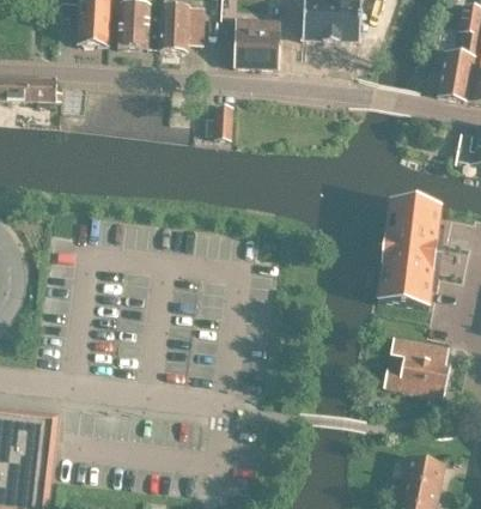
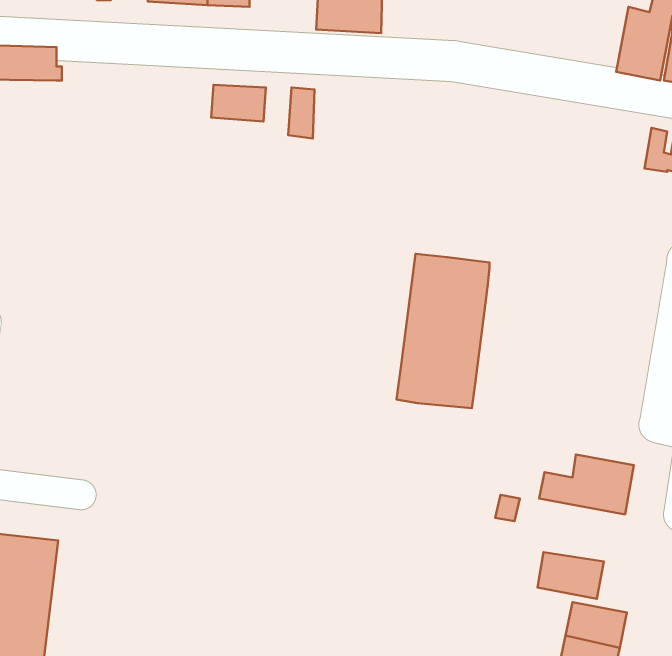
building: none -> [211,85,266,122]
building: [377,201,440,307] -> [396,254,489,408]
building: none -> [537,552,604,599]

